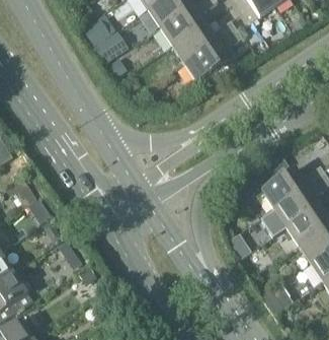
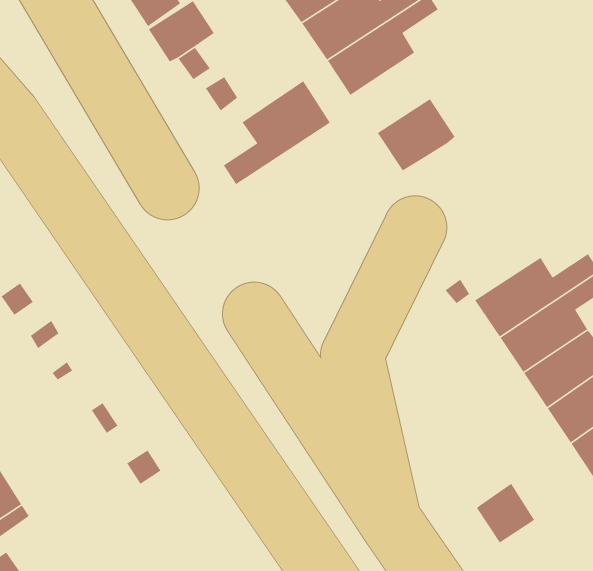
building: none -> [223,80,331,185]
building: none -> [377,98,456,172]

